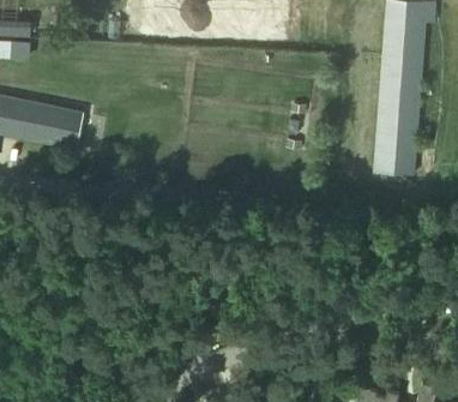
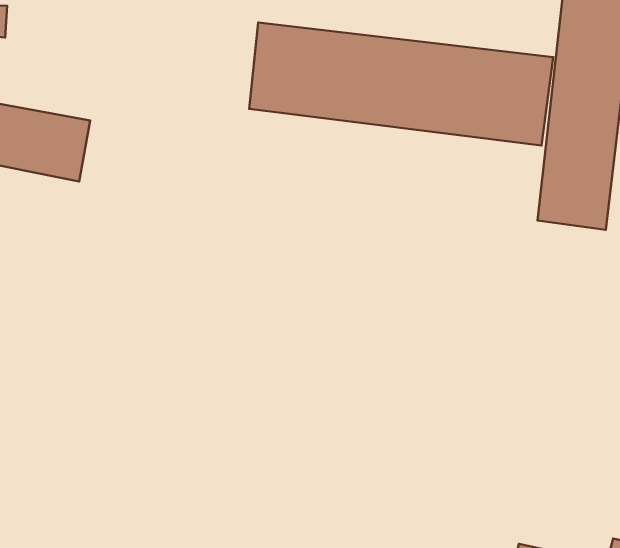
building: none -> [249,22,553,146]

